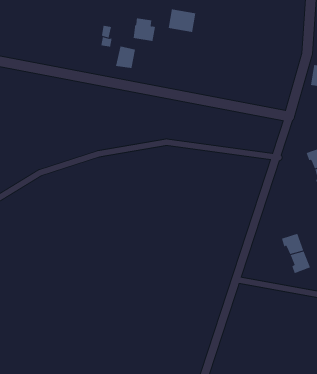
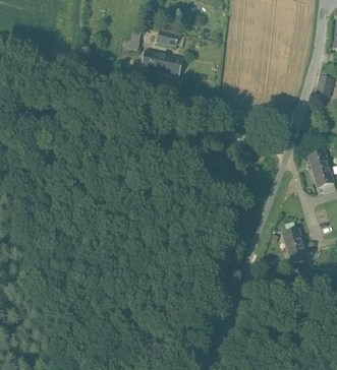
building: [168,9,196,33] -> [156,53,182,75]

